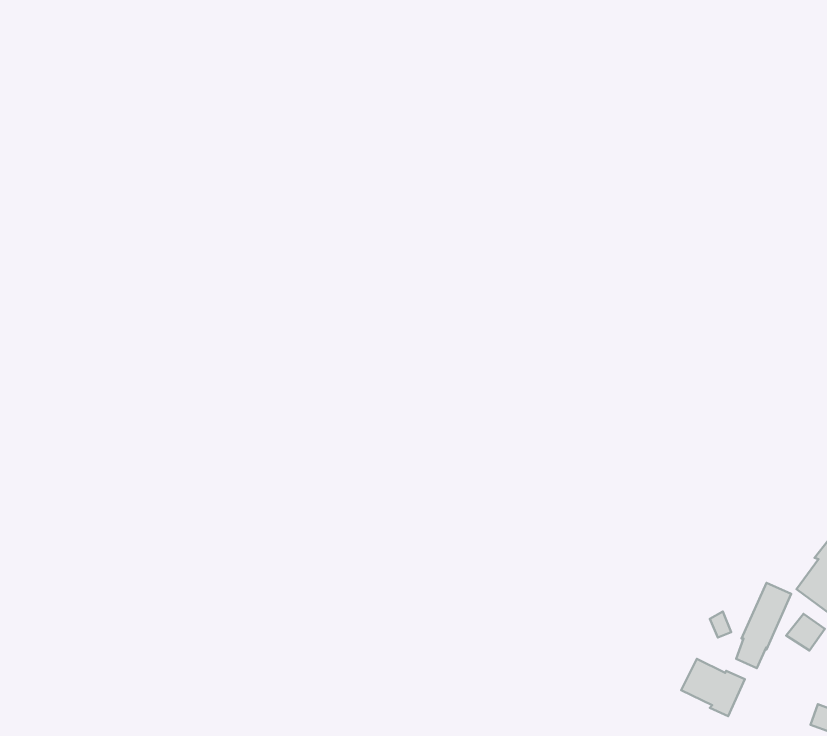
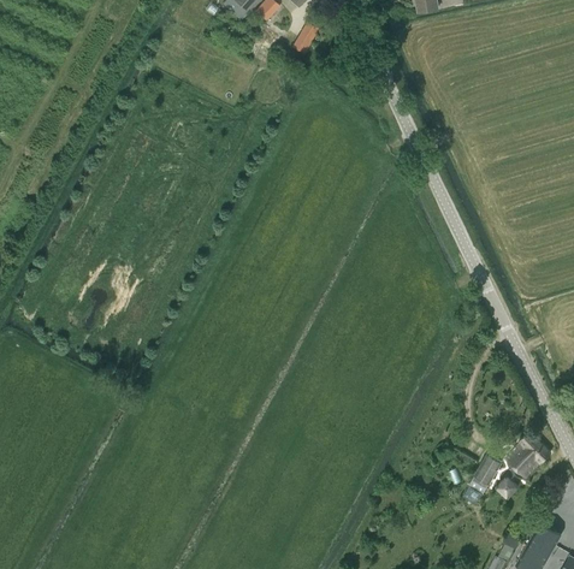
building: [681,659,745,716] -> none

